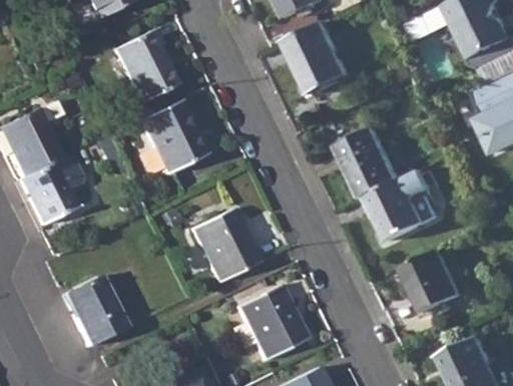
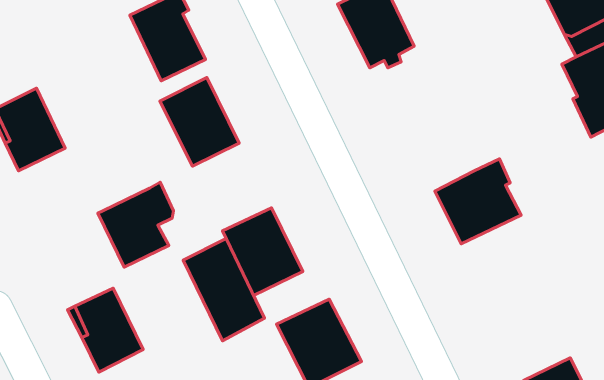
building: [341,128,402,197] -> none
building: [17,154,80,226] -> [98,182,174,267]
building: none -> [183,239,265,341]
building: [405,249,464,312] -> none

